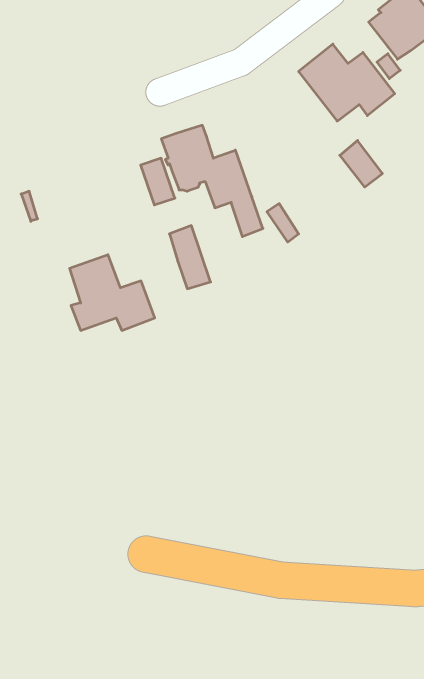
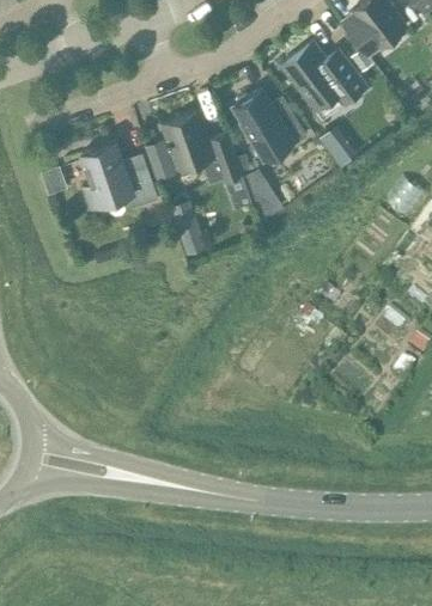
building: none -> [232,90,305,161]
building: [70,255,155,330] -> [81,142,156,208]

